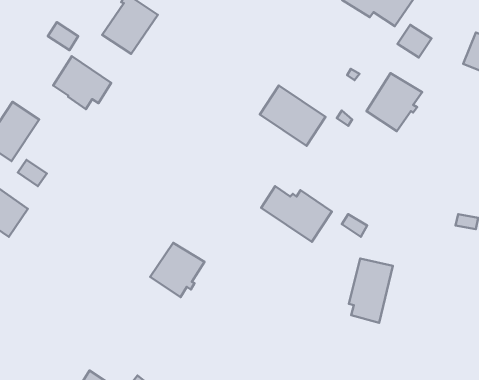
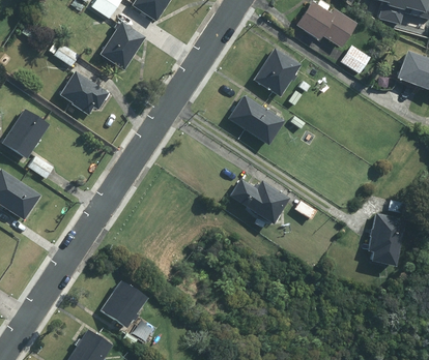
building: [367,73,422,131] -> [255,49,301,96]
building: [150,243,205,297] -> [102,281,146,326]
building: [349,258,393,323] -> [368,213,404,266]

